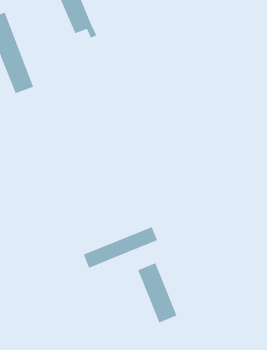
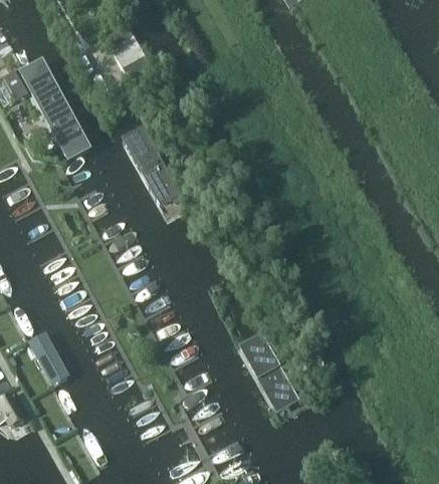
building: none -> [125,128,187,216]
building: [83,226,158,269] -> none

